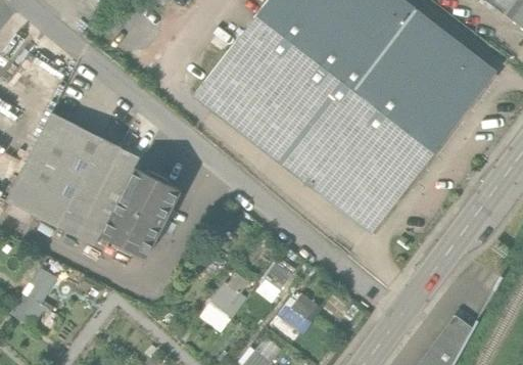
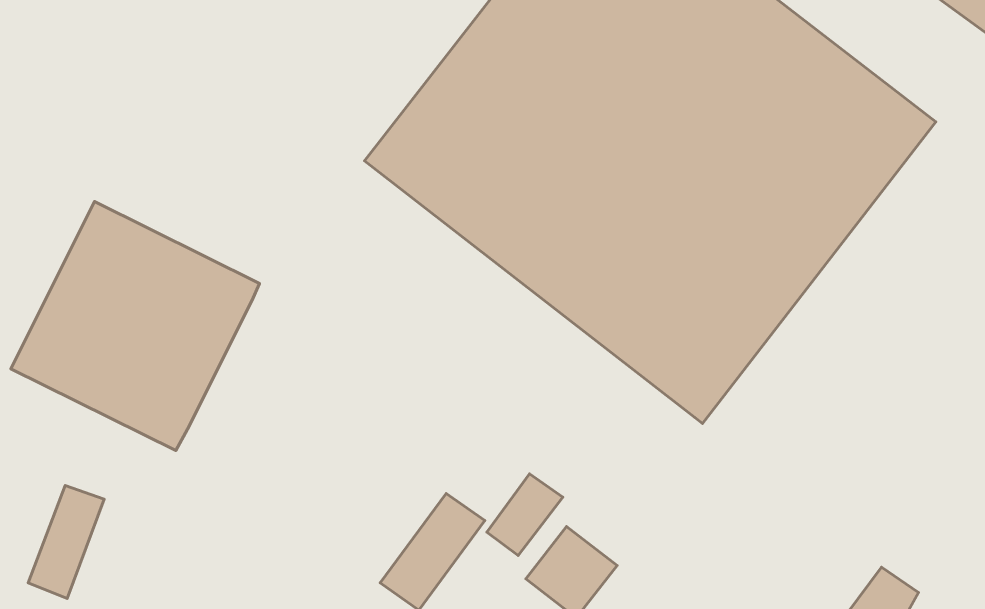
building: [99,167,178,257] -> none

